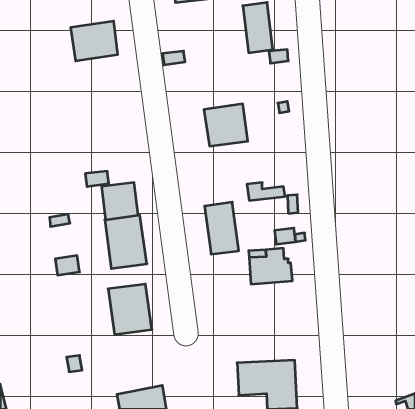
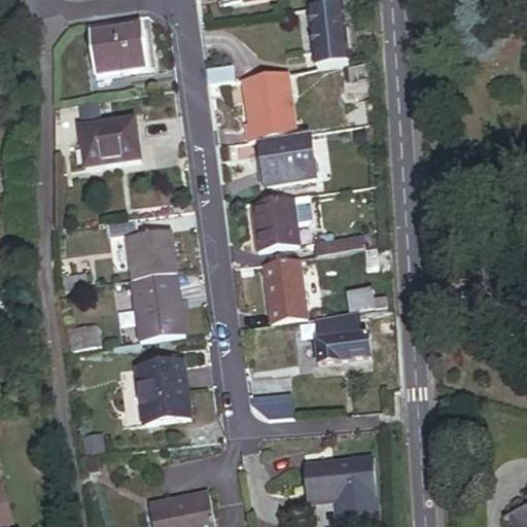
building: none -> [242,71,293,140]
building: none -> [80,116,142,164]
building: none -> [249,194,313,250]

